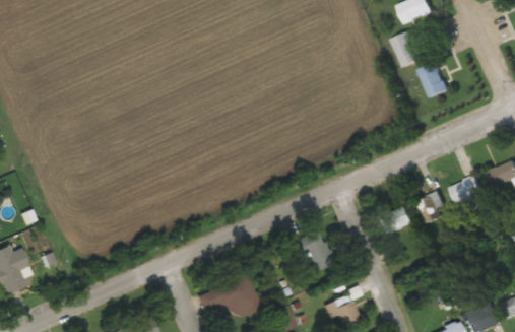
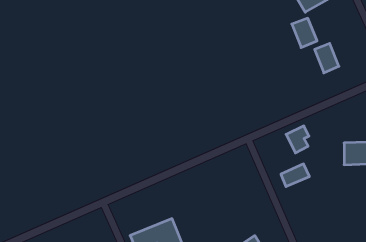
building: [417,192,445,224] -> [286,126,309,153]
building: [289,229,334,270] -> none

